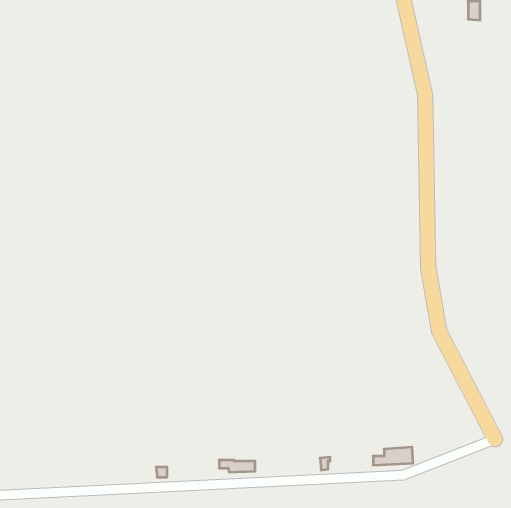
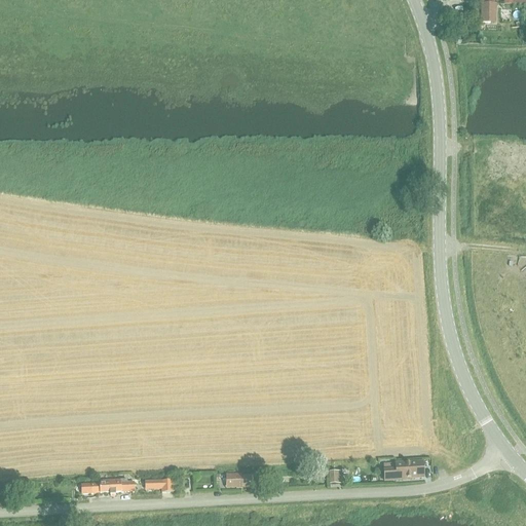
building: none -> [80,478,133,493]

